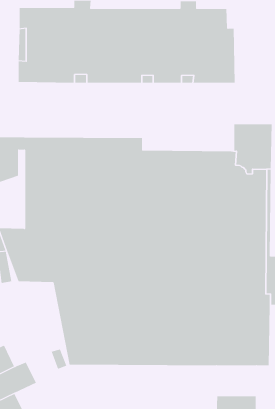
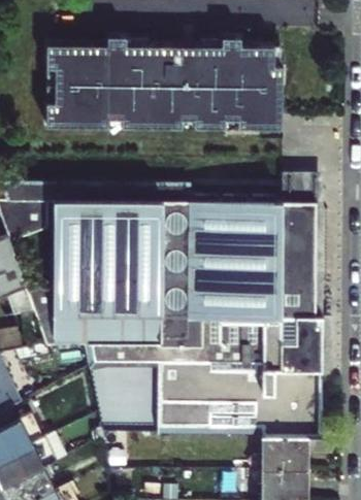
building: none -> [263,436,306,469]

